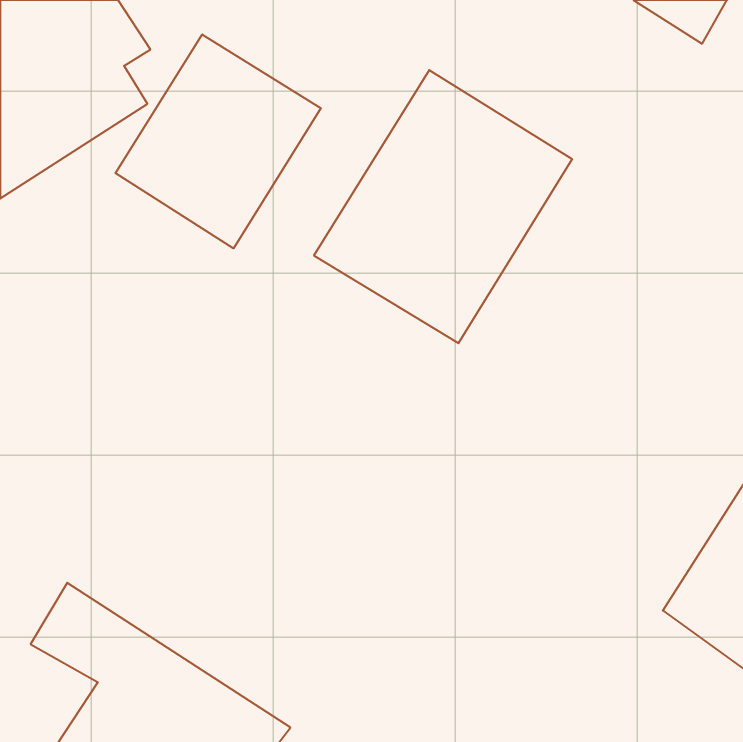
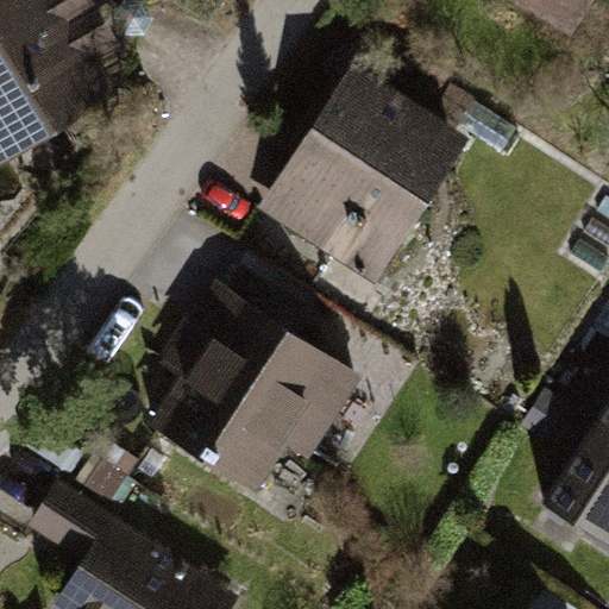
building: [116,34,321,248] -> none
building: none -> [149,281,362,495]

